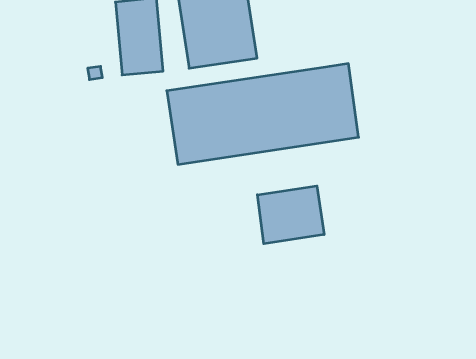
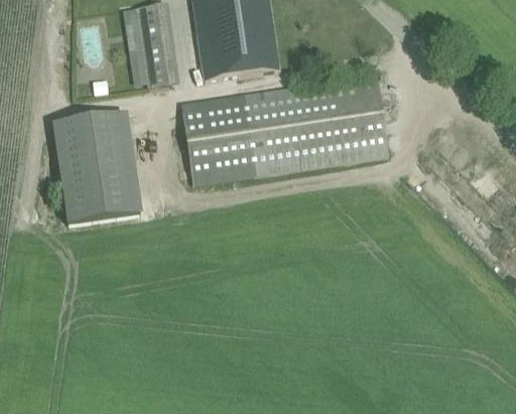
building: none -> [49,111,141,225]
building: [257,186,324,244] -> none

